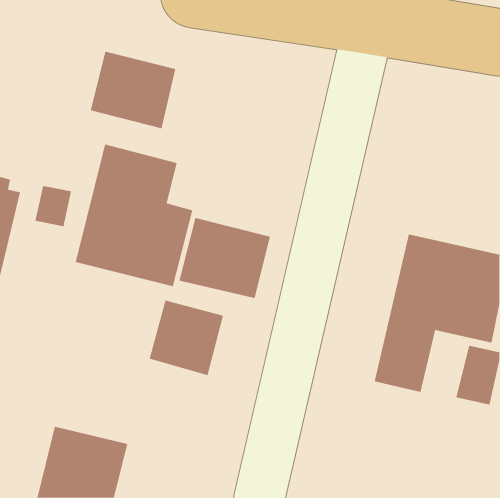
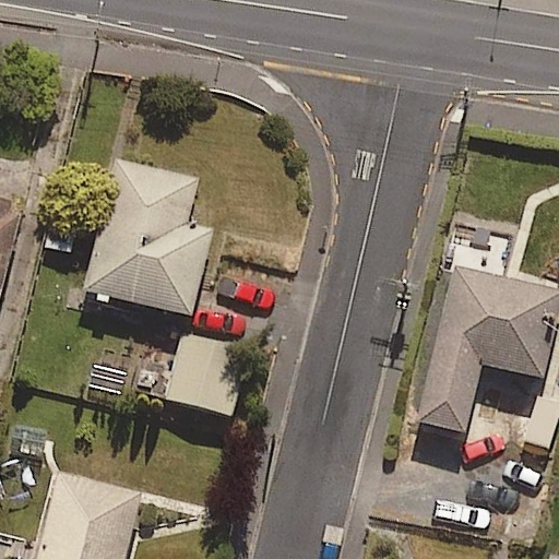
building: [90,51,176,129] -> none
building: [179,217,270,299] -> none

